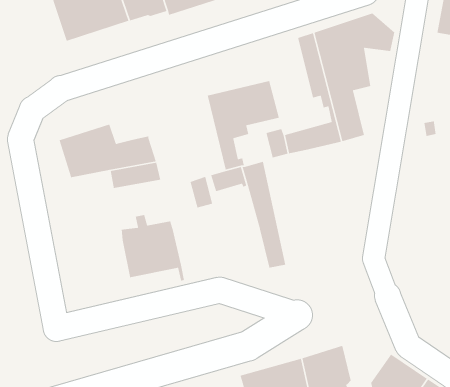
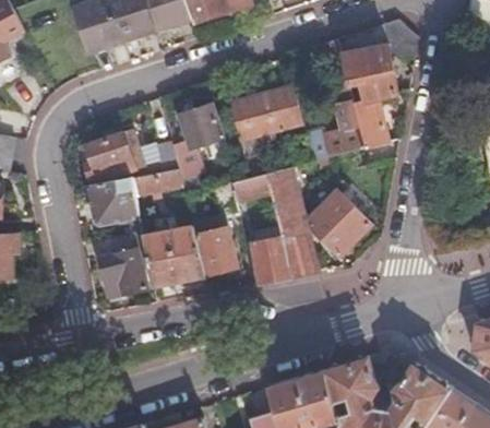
building: none -> [174,105,224,194]
building: none -> [92,179,141,226]
building: none -> [309,193,372,258]
building: none -> [198,223,238,274]
building: none -> [95,234,148,300]
building: none -> [252,238,294,284]

